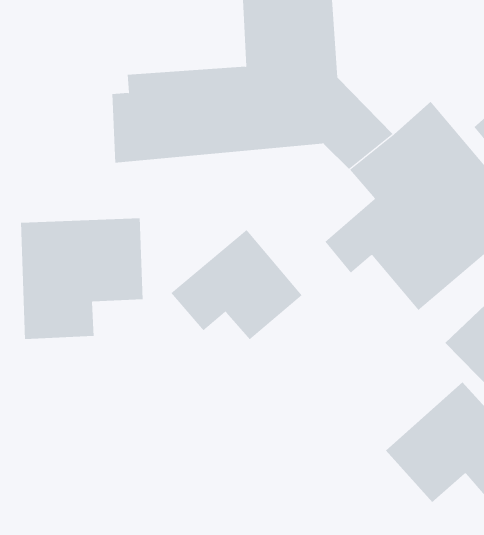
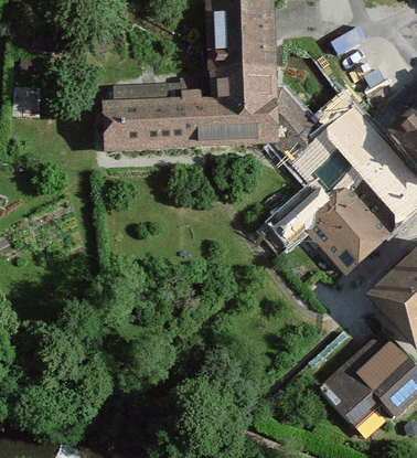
building: [21,217,143,340] -> none
building: [170,229,303,340] -> none

